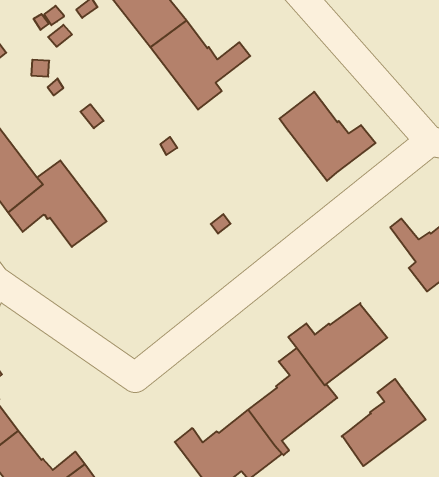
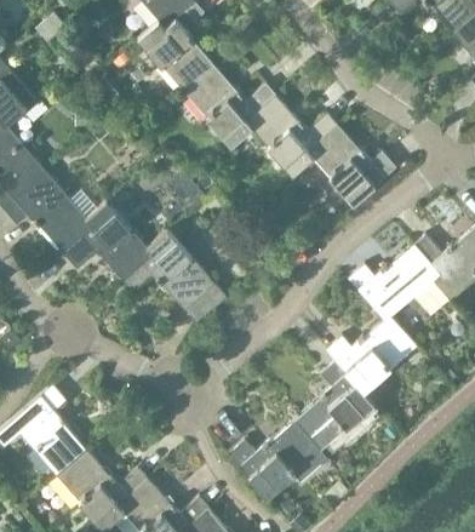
building: none -> [246,96,337,176]
building: none -> [124,231,228,325]
building: none -> [349,245,440,321]
building: [342,379,426,466] -> none

